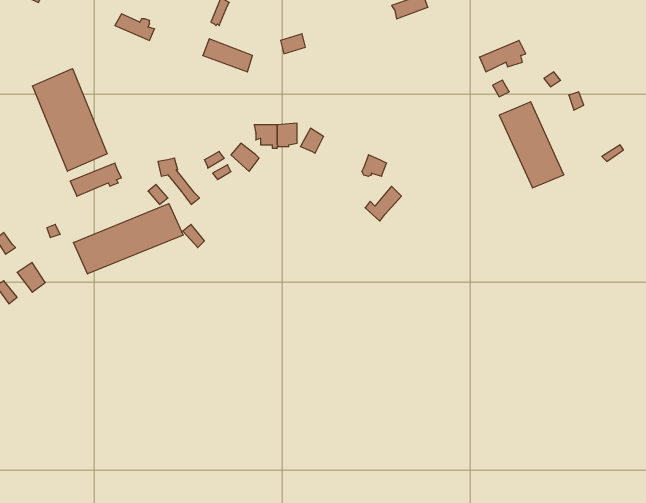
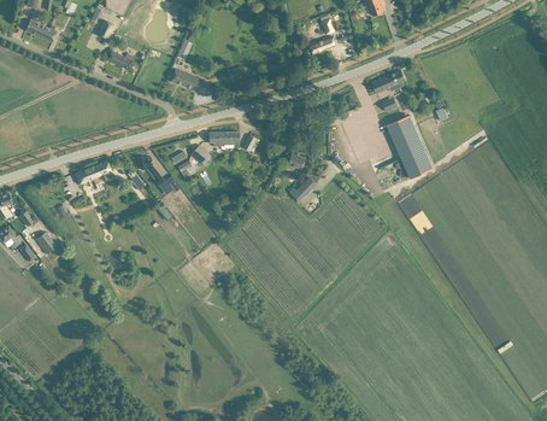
building: [33,69,107,171] -> none
building: [73,204,183,274] -> none

